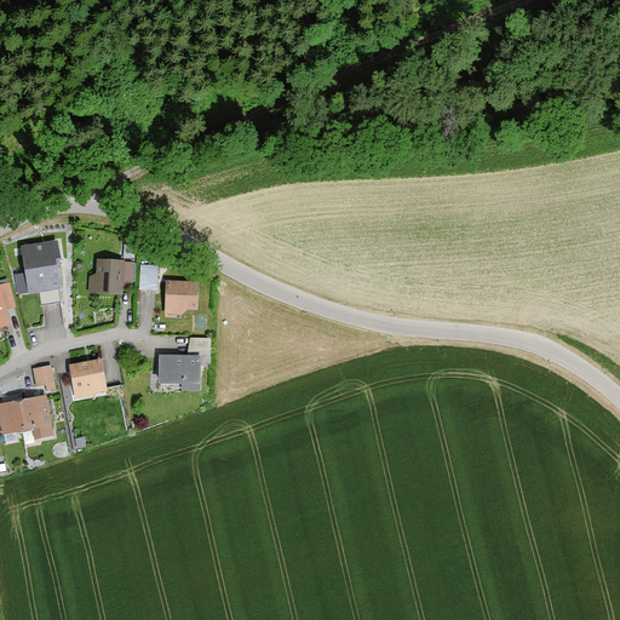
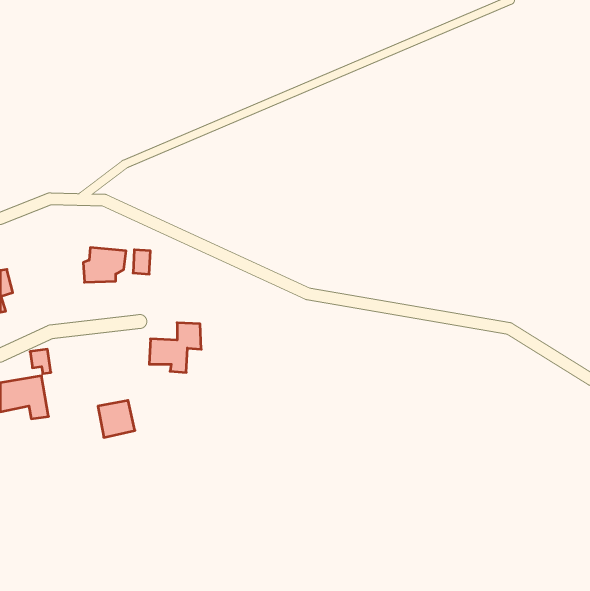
building: [19,240,58,294] -> none
building: [165,283,195,317] -> none
building: [68,358,107,397] -> [98,400,135,437]

